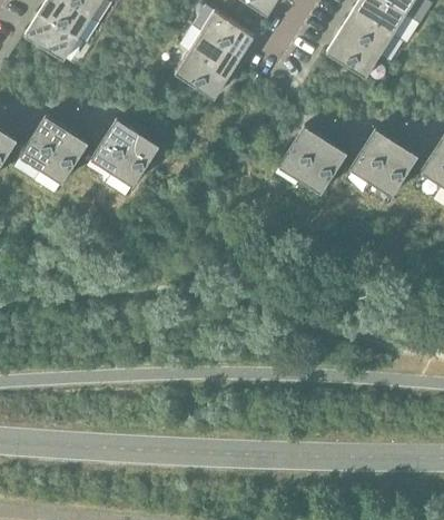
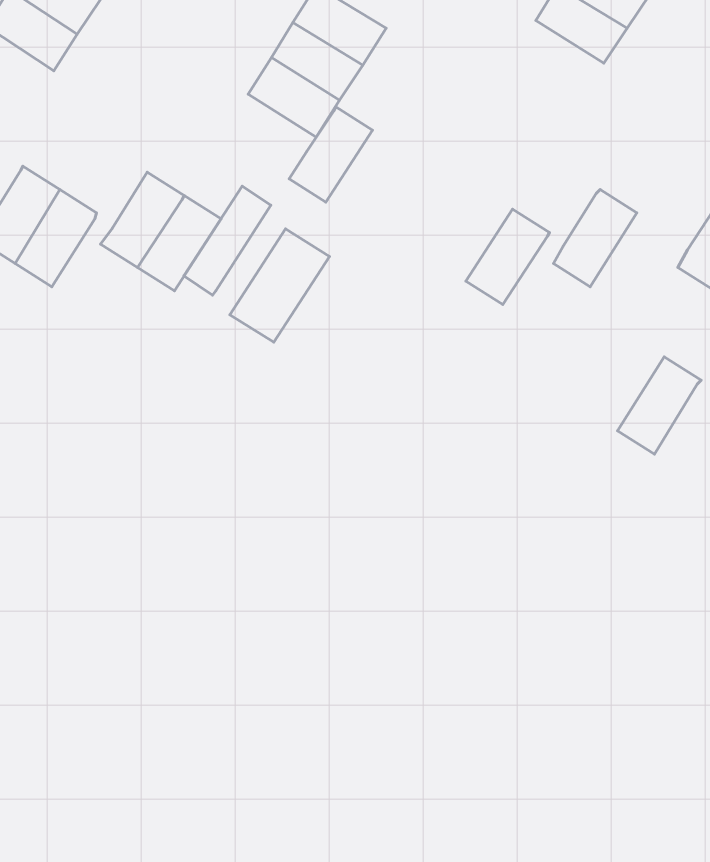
building: [326,31,378,77] -> none
building: [278,126,326,180] -> [289,107,373,202]
building: none -> [184,186,271,295]
building: [371,141,418,197] -> [618,357,701,454]
building: none -> [230,229,329,342]

